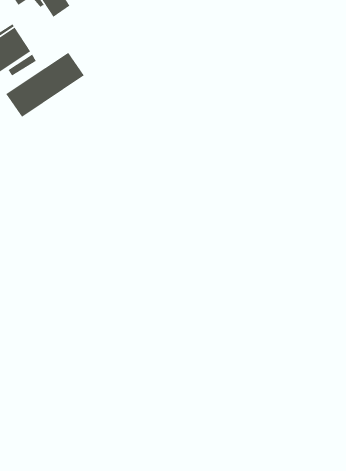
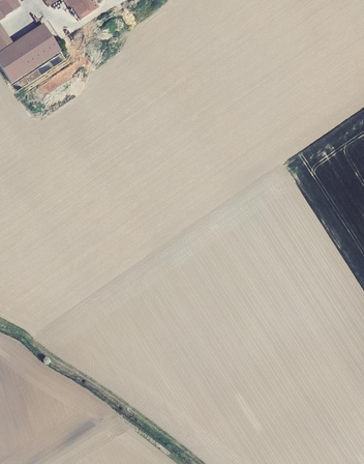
building: [5,52,85,118] -> none

